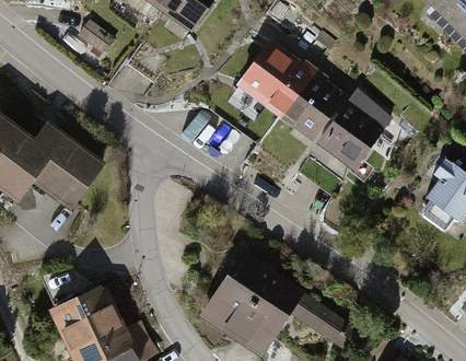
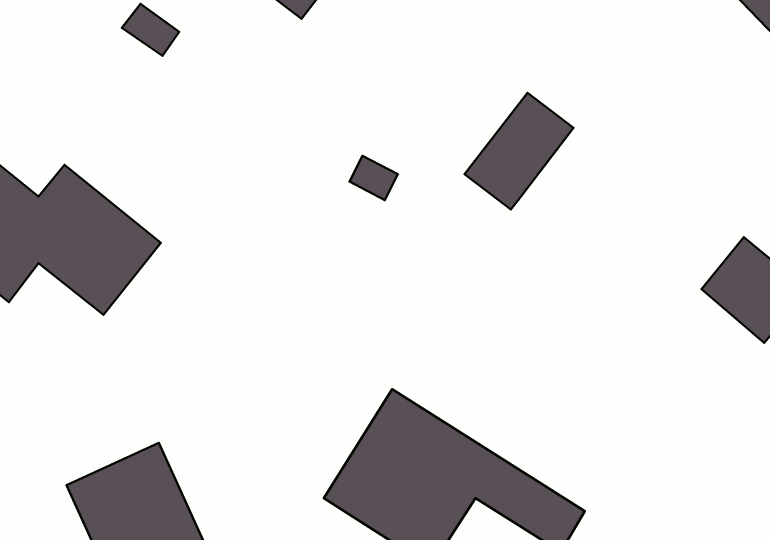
building: [248,49,321,125] -> none
building: [315,90,395,171] -> none

